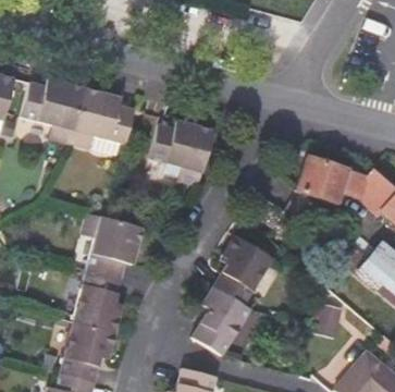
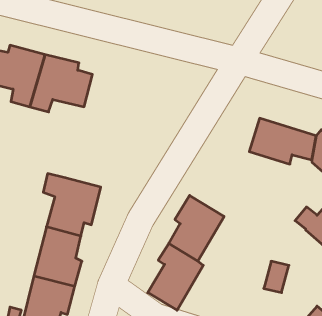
building: [149,121,212,185] -> none

